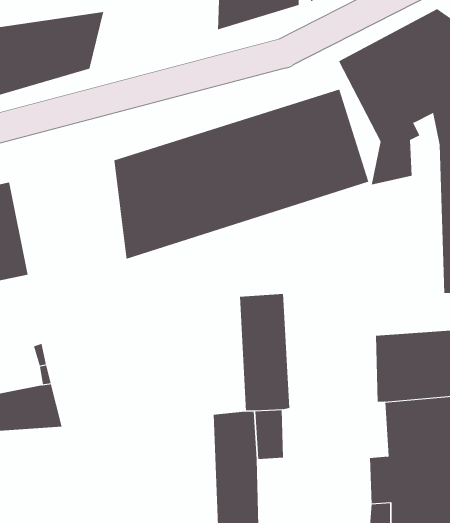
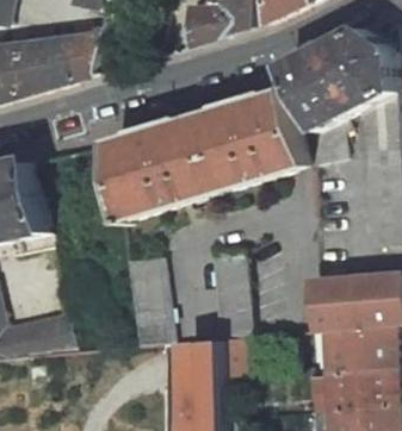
building: none -> [126,255,172,343]

